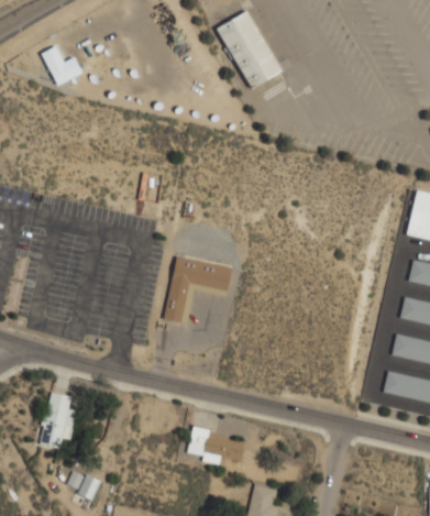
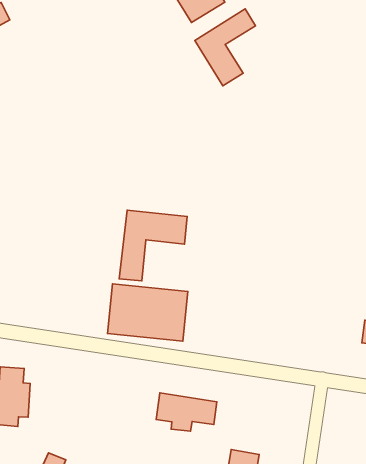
building: none -> [195,9,255,86]
building: none -> [108,284,188,341]

